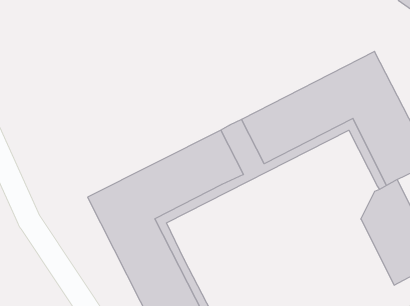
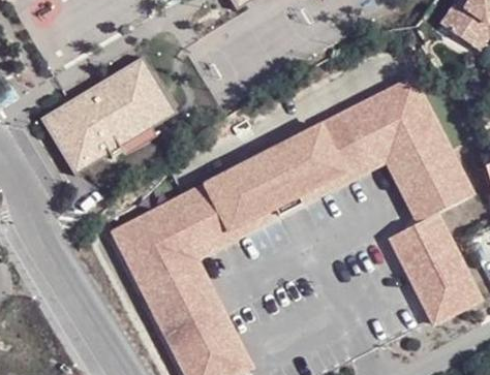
building: none -> [49,63,170,164]

